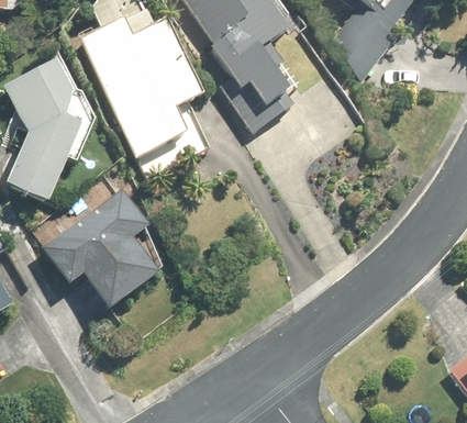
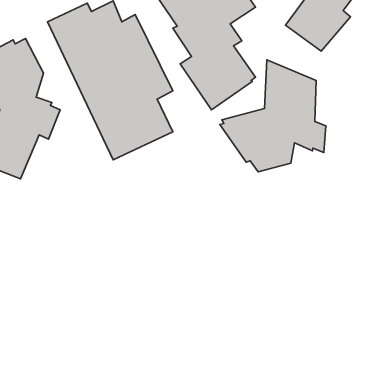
building: none -> [220,60,326,172]
building: [44,185,164,310] -> none

